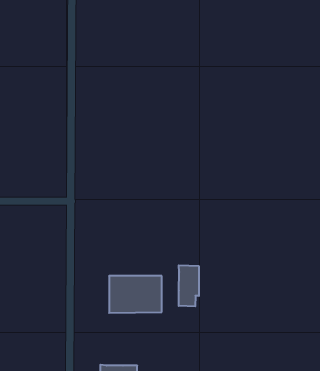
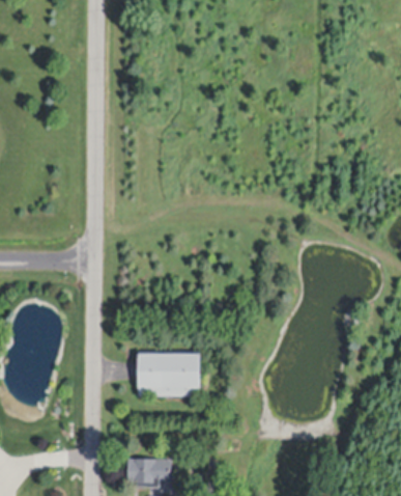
building: [179,265,199,306] -> none

